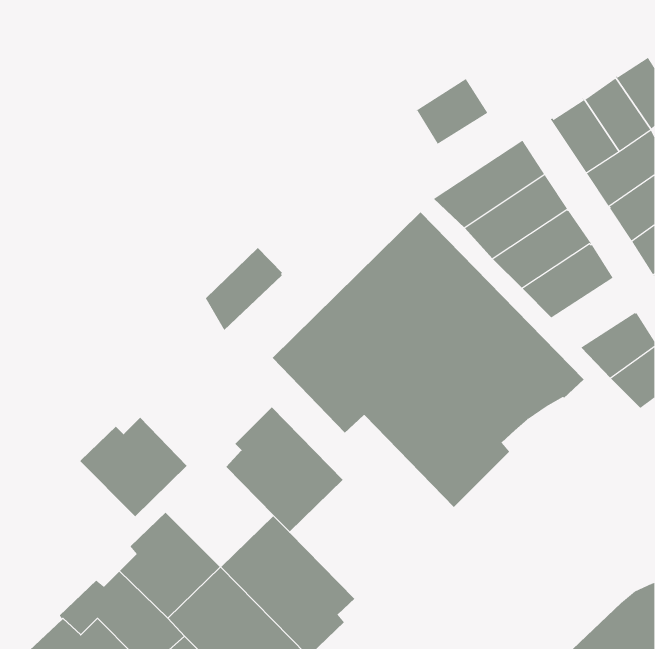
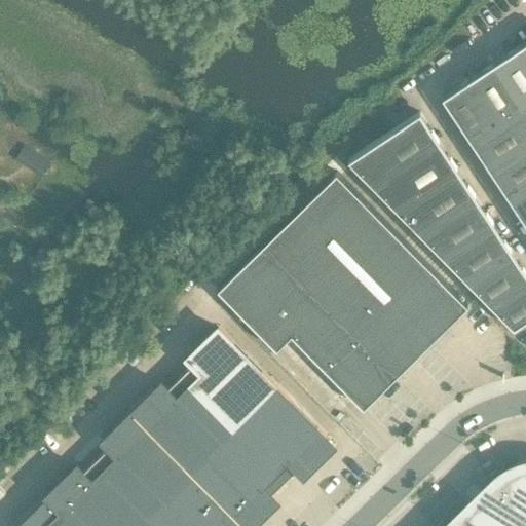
building: [414,78,488,145] -> none
building: [205,247,283,331] -> none
building: none -> [442,228,511,284]
building: [77,417,188,517] -> [130,379,219,459]
building: none -> [232,389,333,485]

